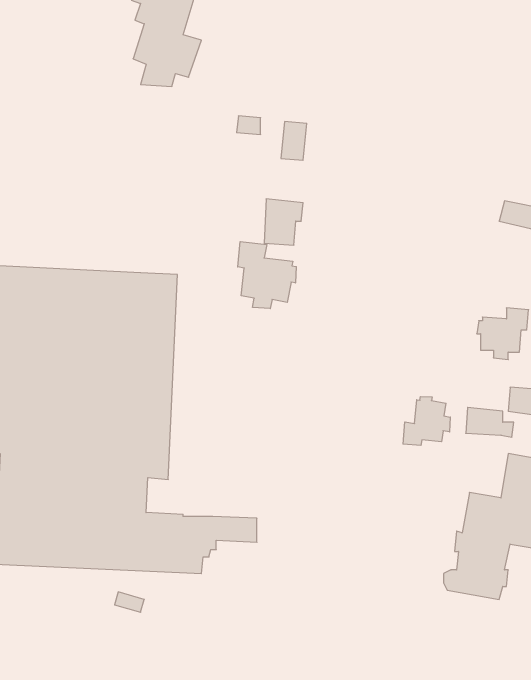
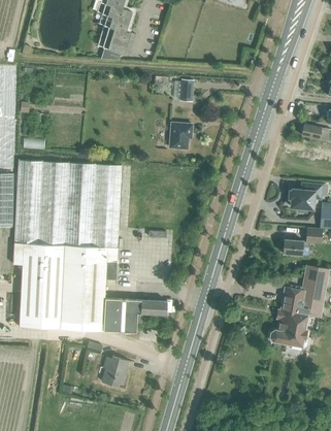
building: [238,242,296,309] -> none
building: [403,397,450,445] -> none
building: none -> [101,355,128,386]

